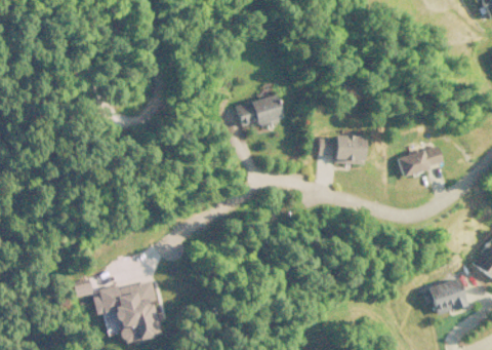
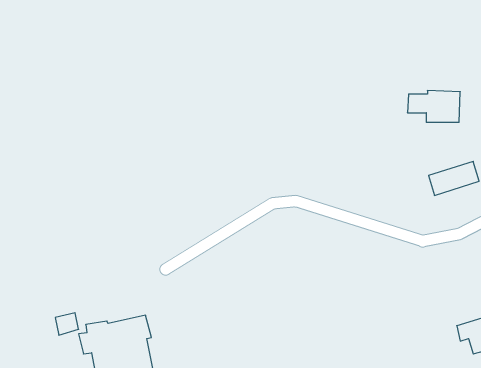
building: [238,94,284,129] -> none
building: [320,135,366,163] -> [407,91,460,122]

